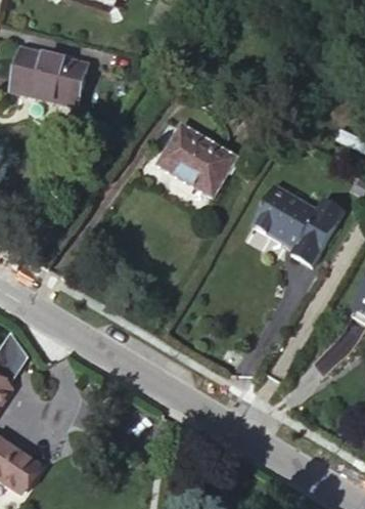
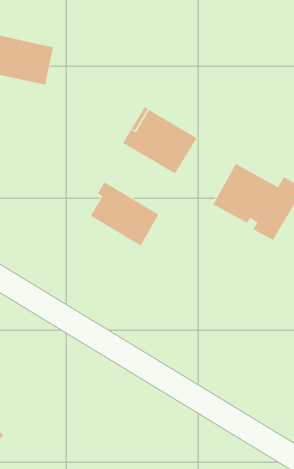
building: none -> [90,182,159,246]

